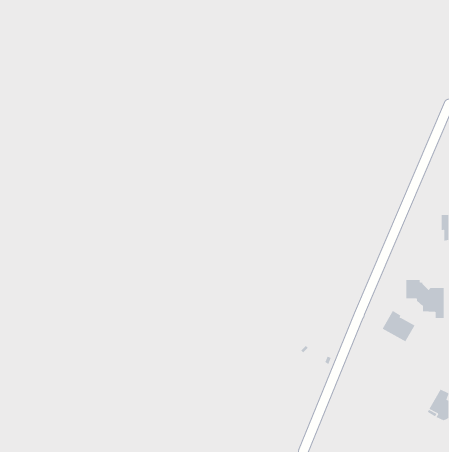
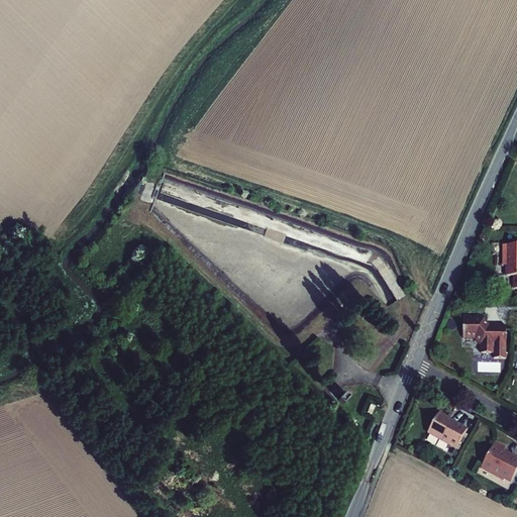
building: [382,310,415,342] -> [431,410,470,446]

